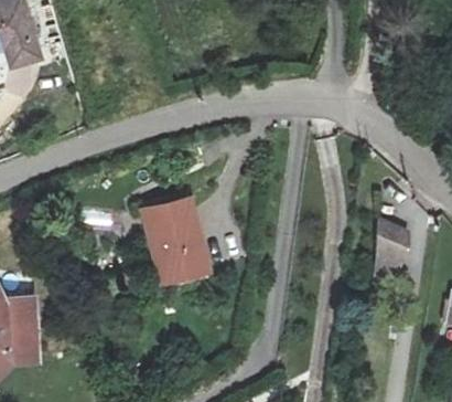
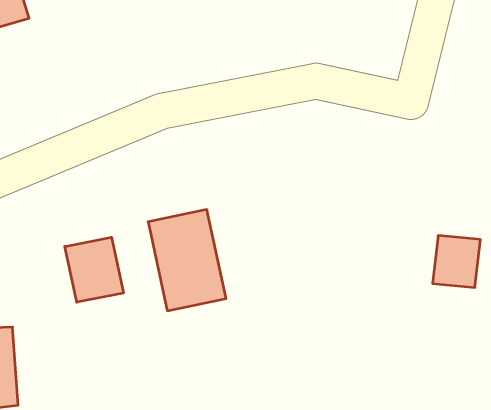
building: none -> [65,237,123,302]

